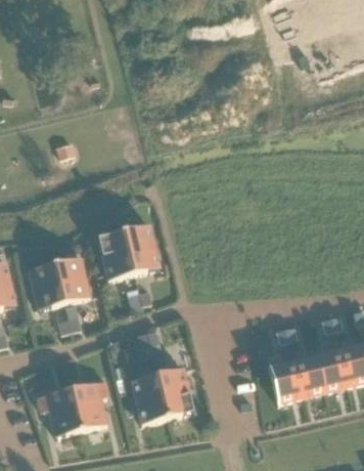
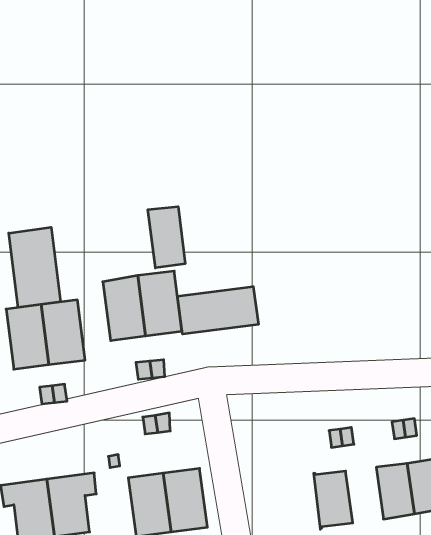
building: none -> [148,207,185,268]
building: none -> [9,227,61,307]
building: none -> [177,287,258,334]
building: [292,353,324,396] -> none

